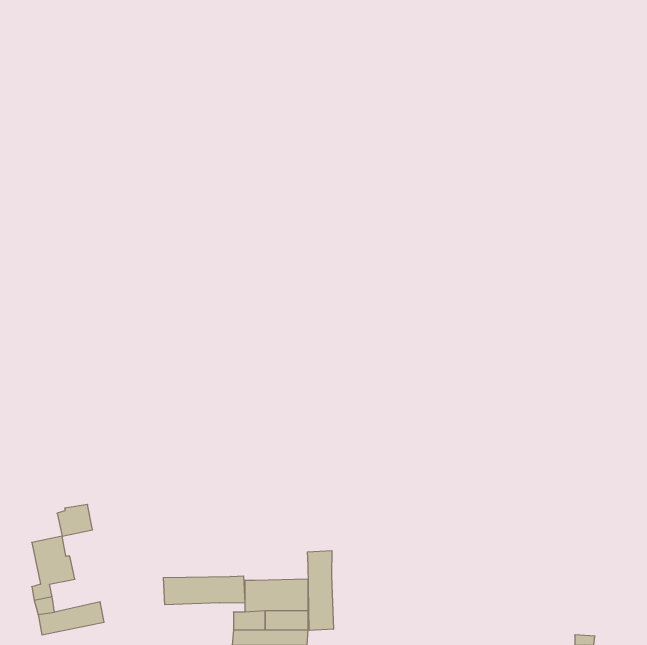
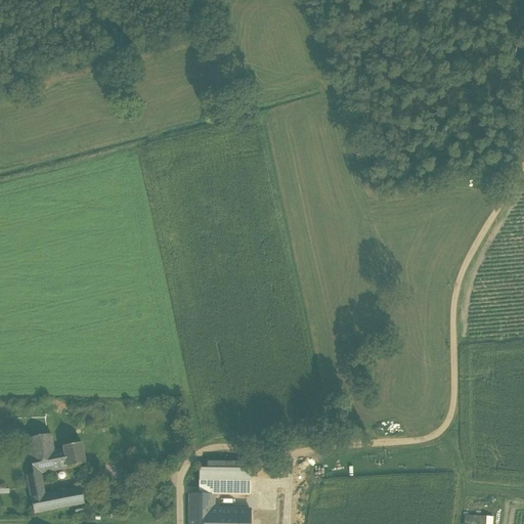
building: [57,504,93,536] -> [56,442,85,468]
building: [308,551,333,630] -> none
building: [163,576,245,605] -> none

